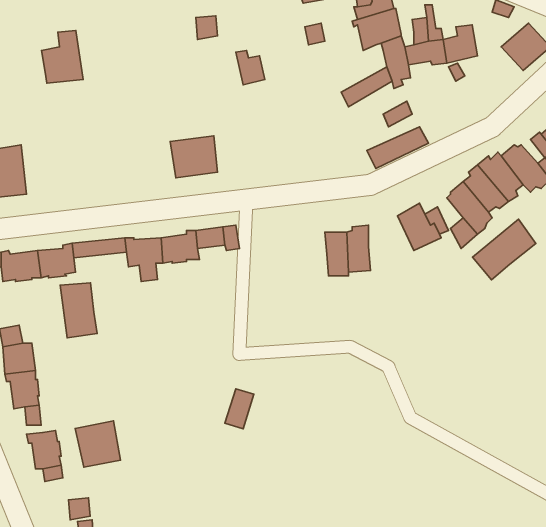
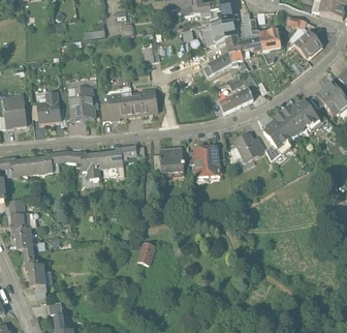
building: [41,30,83,83] -> [35,93,59,123]
building: none -> [69,89,94,120]
building: none -> [130,89,158,113]
building: [472,219,536,280] -> none
building: none -> [158,144,183,172]
building: [60,283,97,338] -> none
building: [75,421,120,467] -> none

